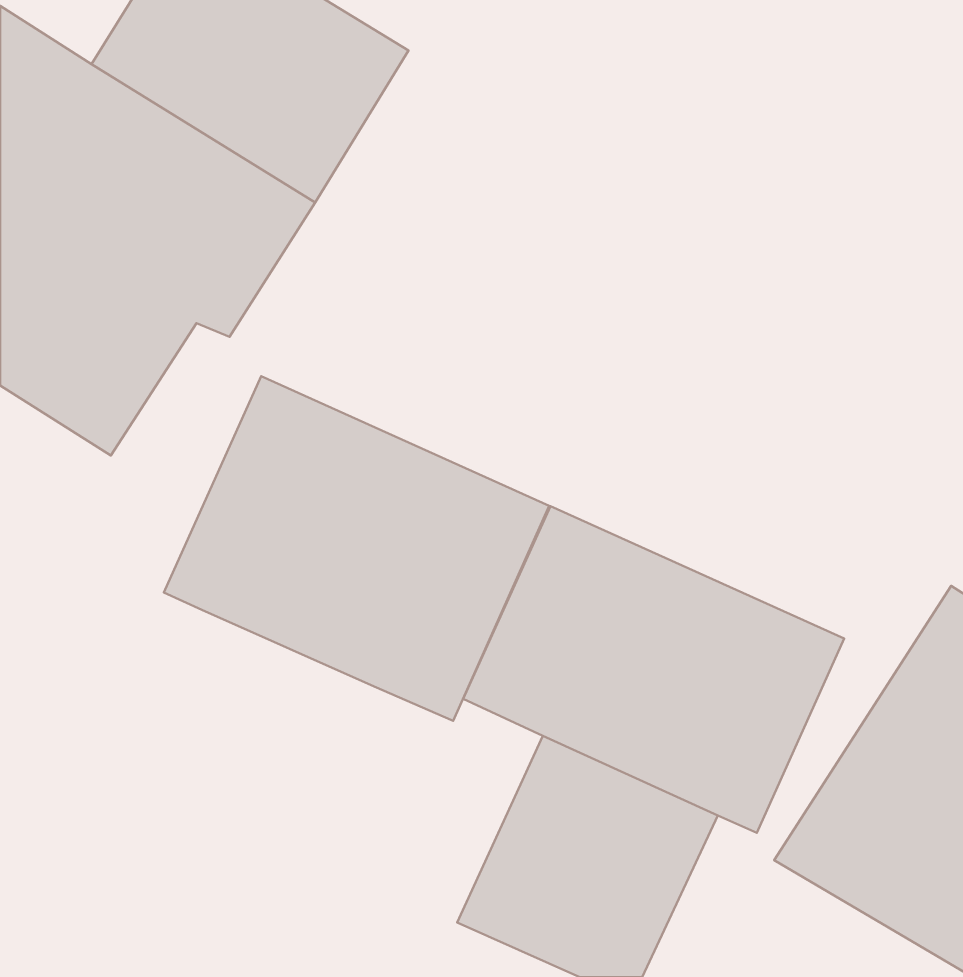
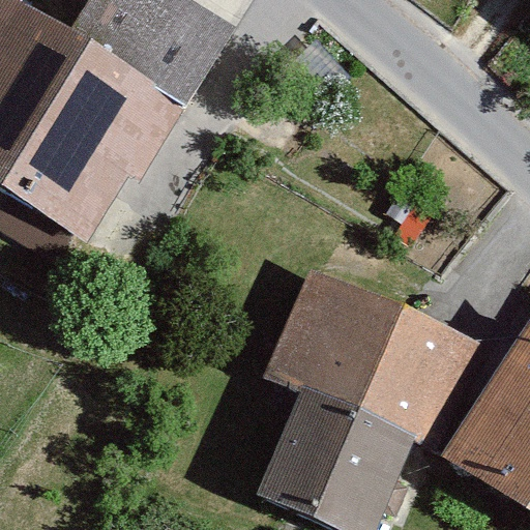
building: [164,376,549,721] -> none

